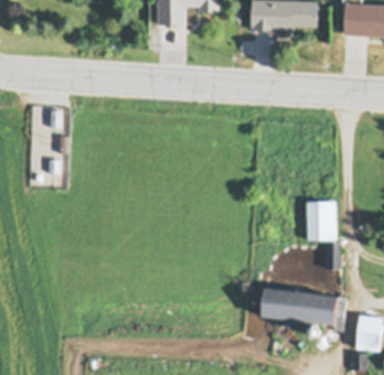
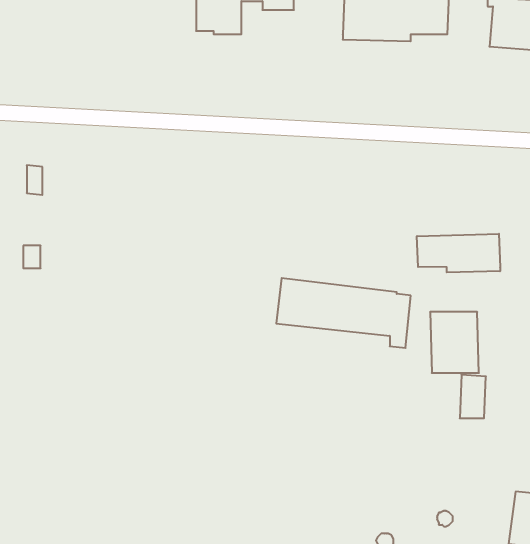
building: none -> [417,234,500,272]
building: [262,288,346,332] -> [276,278,411,348]

